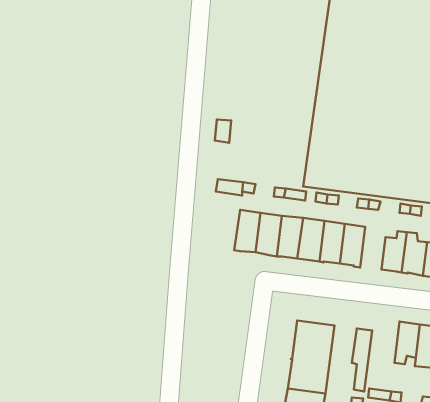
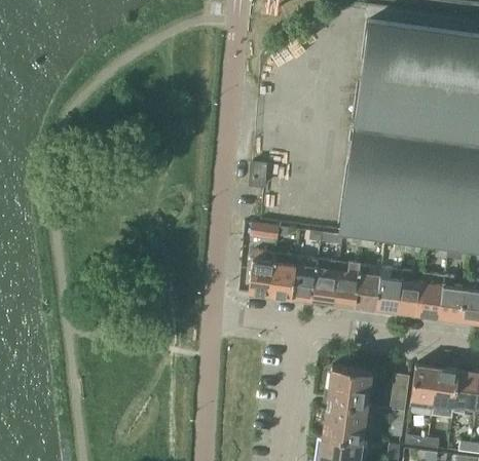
building: none -> [249,251,275,295]
building: none -> [397,271,422,314]
building: none -> [410,364,437,410]

